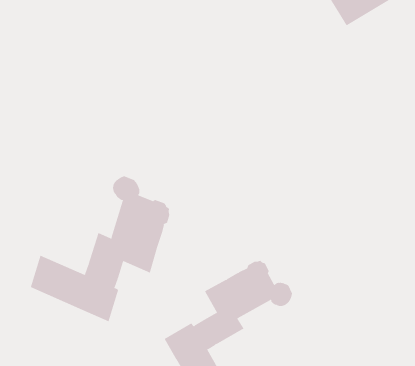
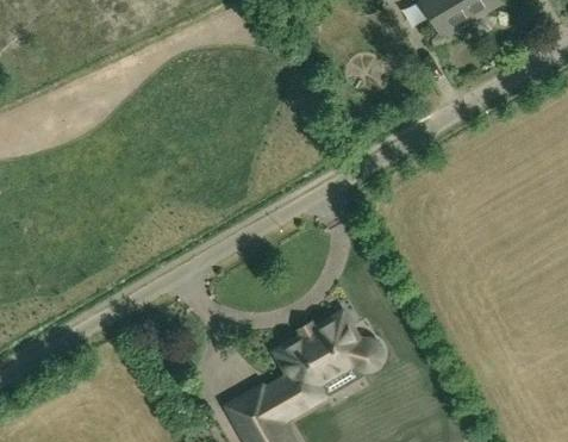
building: [30,176,170,322] -> none

